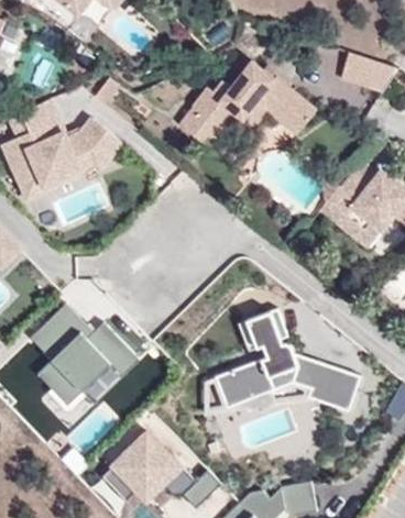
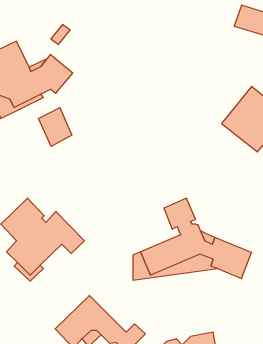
building: [176,58,317,143] -> none
building: none -> [38,108,72,146]

